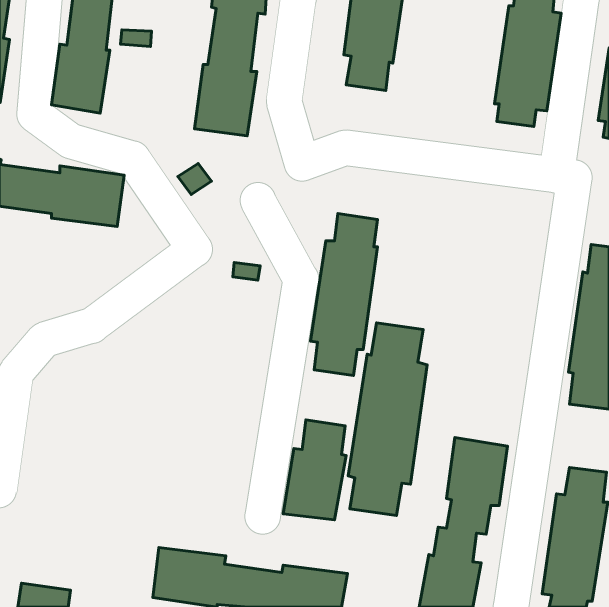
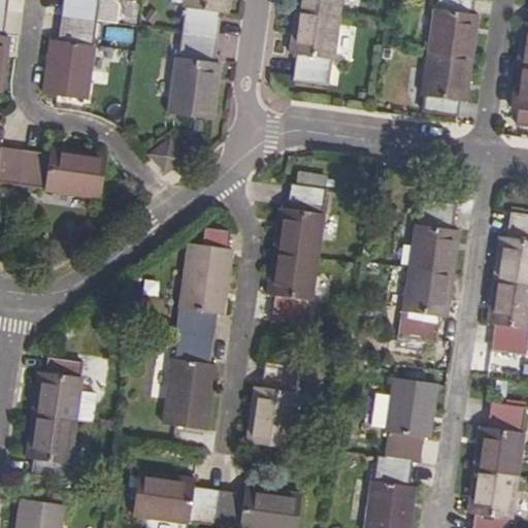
building: none -> [402,199,461,341]
building: none -> [162,245,230,431]
building: [348,323,427,516] -> none
building: none -> [25,359,81,480]

